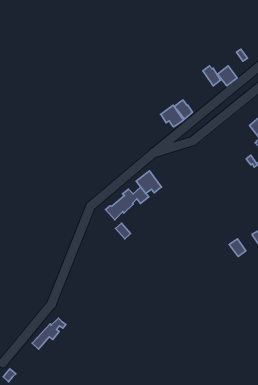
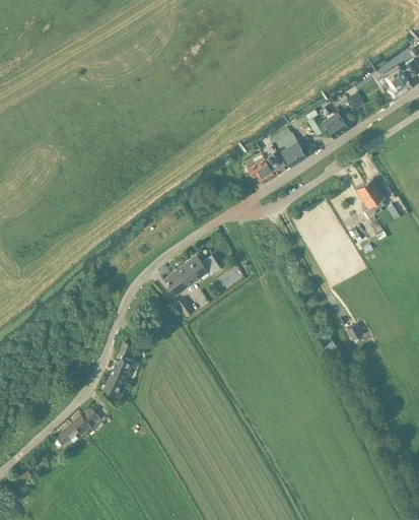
building: none -> [273,132,305,167]
building: [136,171,162,193] -> none
building: none -> [102,342,132,398]

